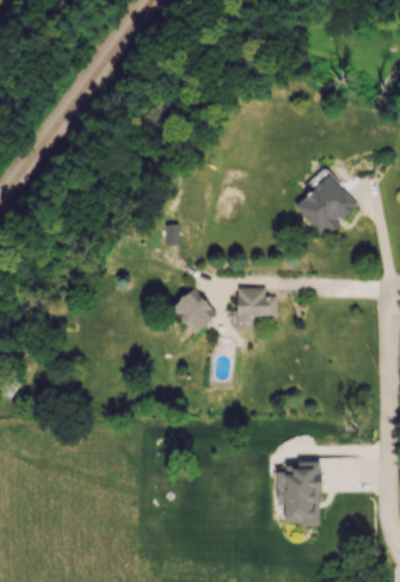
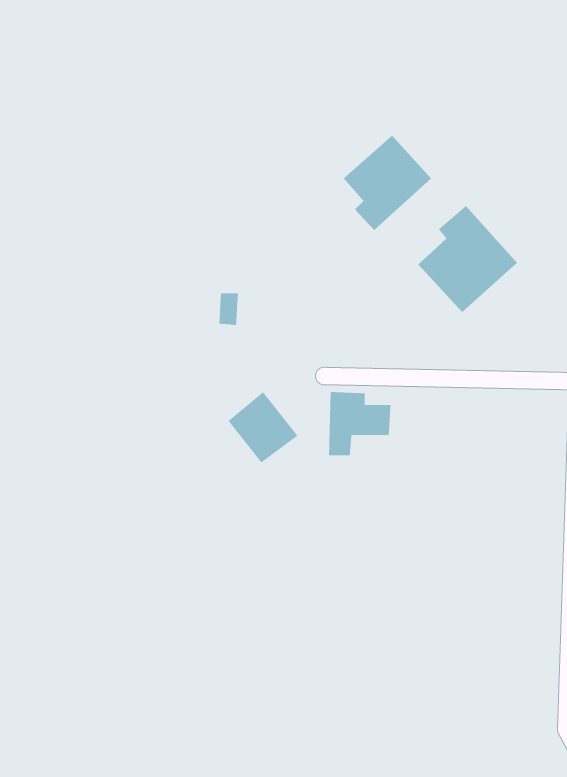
building: none -> [343,135,432,231]
building: [276,462,321,525] -> none

